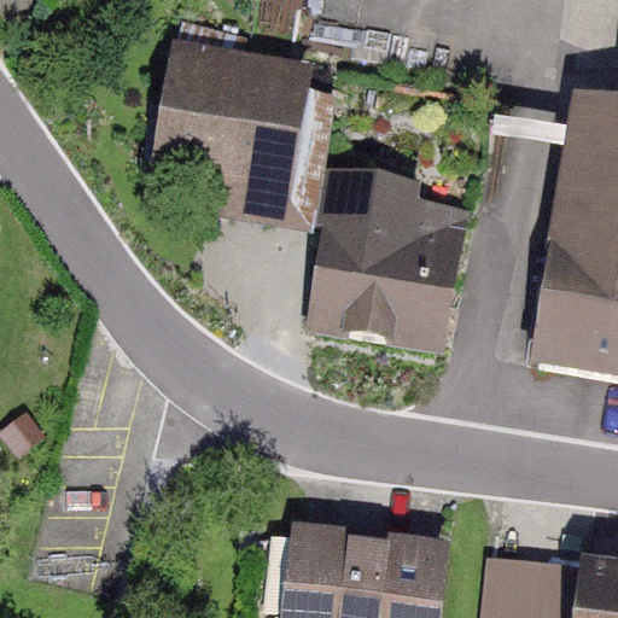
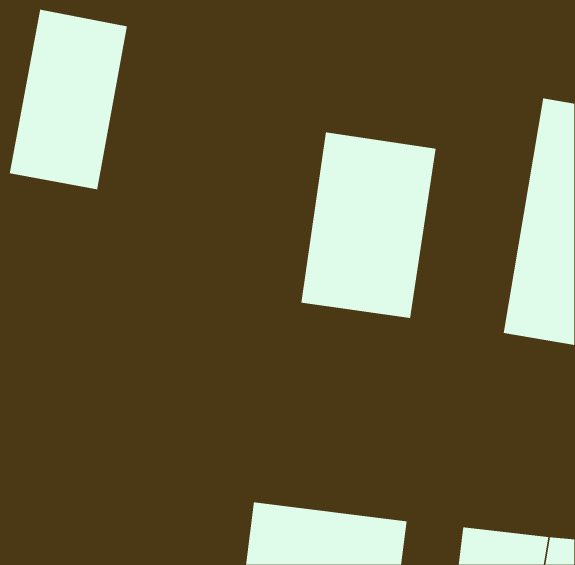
building: none -> [9,9,127,190]
building: [164,69,301,191] -> none

